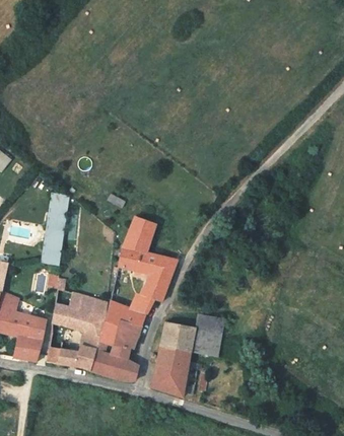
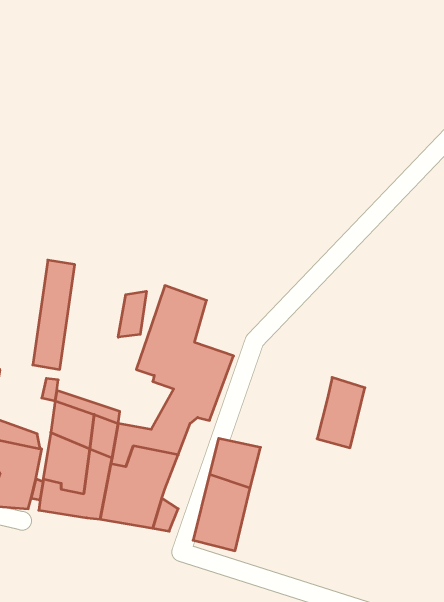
building: none -> [118,291,146,337]
building: [188,306,220,354] -> [317,377,365,448]

